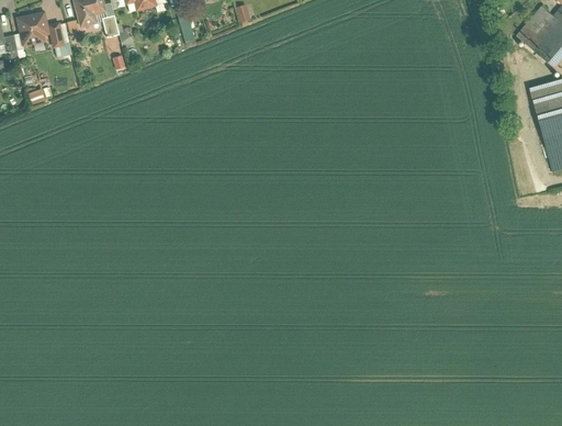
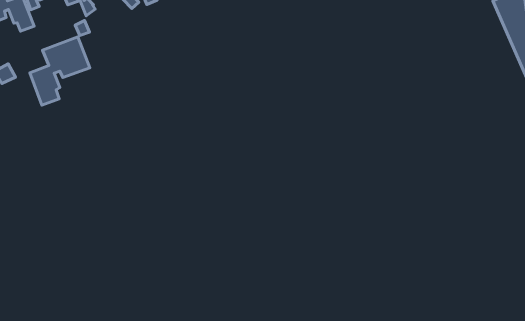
building: none -> [30,37,90,105]

